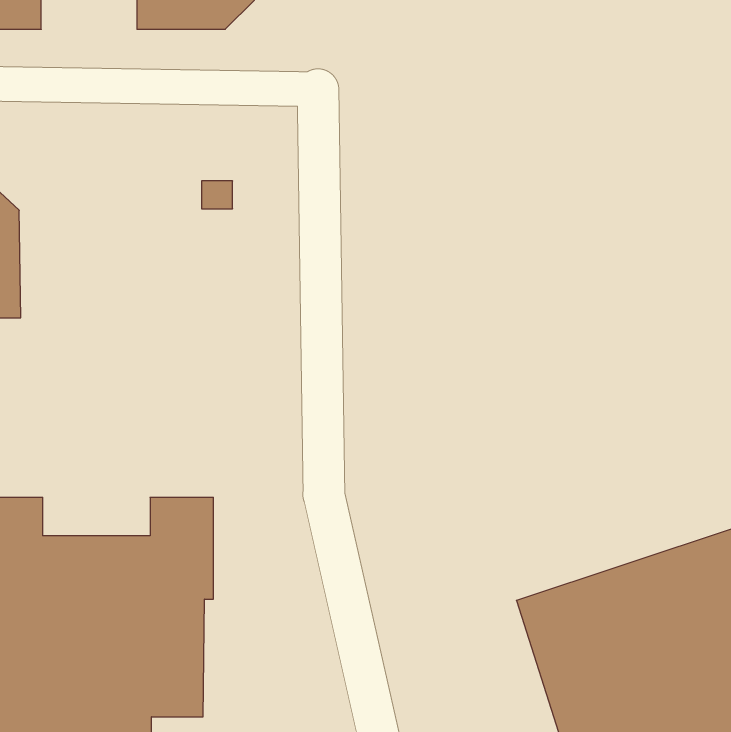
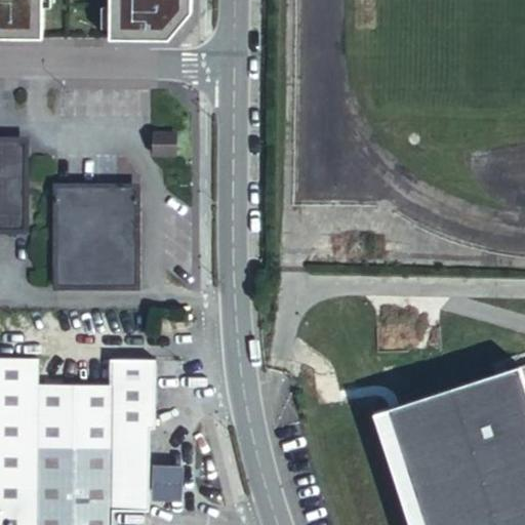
building: none -> [55,184,136,283]
building: none -> [154,461,185,497]

